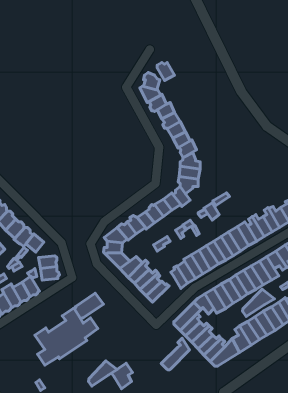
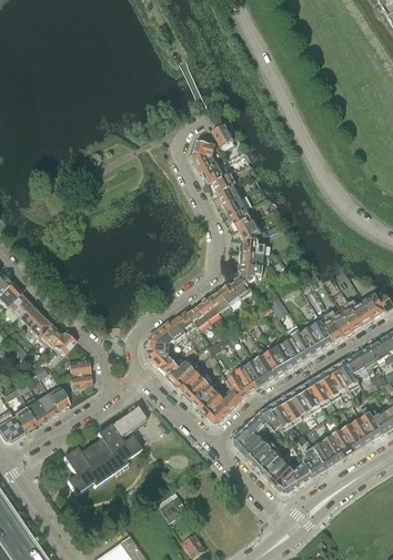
building: [243,289,274,316] -> none
building: [161,338,190,370] -> [206,385,241,424]
building: [88,361,117,386] -> none

